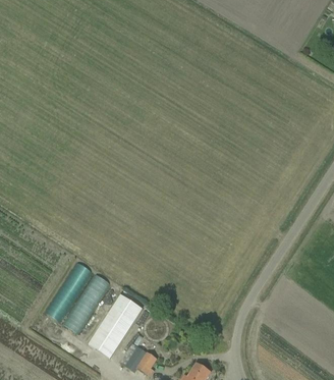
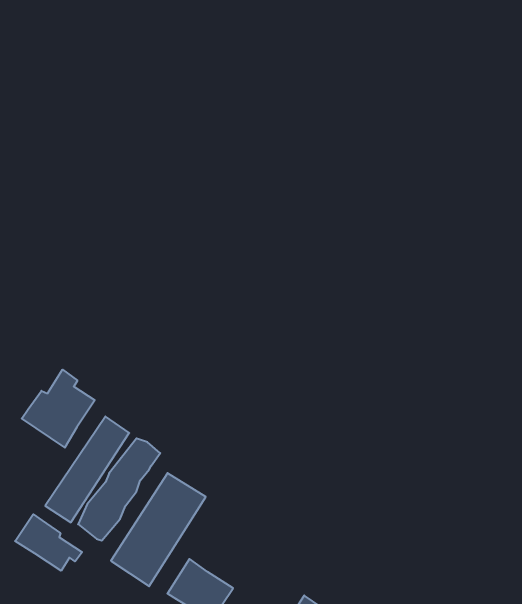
building: none -> [22,370,95,448]
building: none -> [15,514,82,571]

